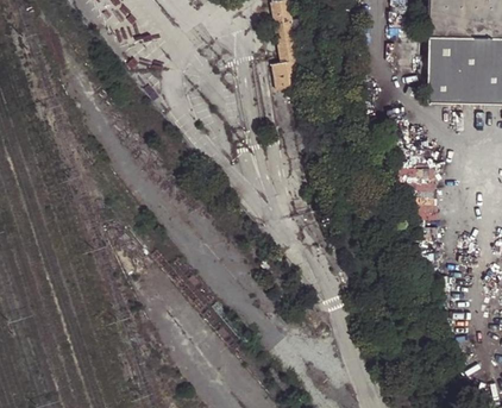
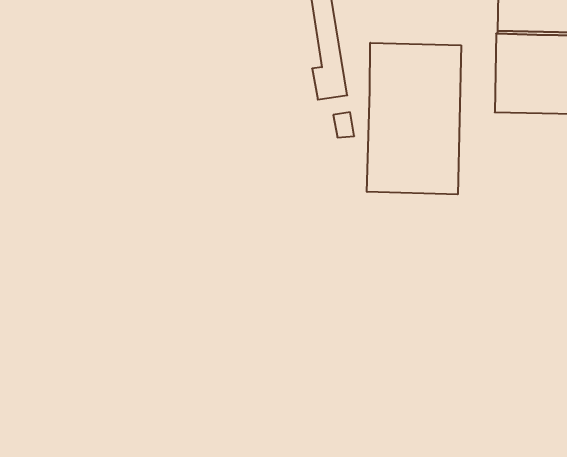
building: none -> [367,43,461,194]

